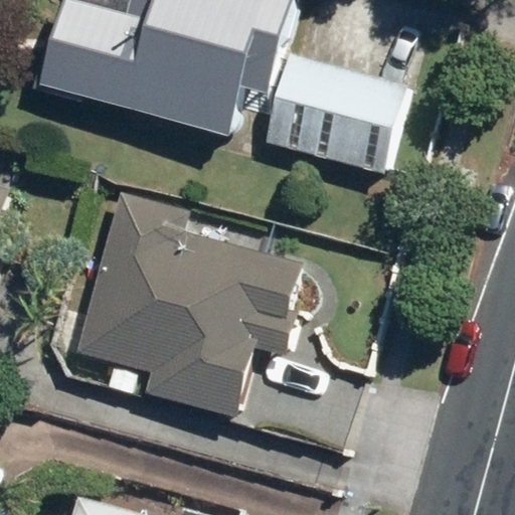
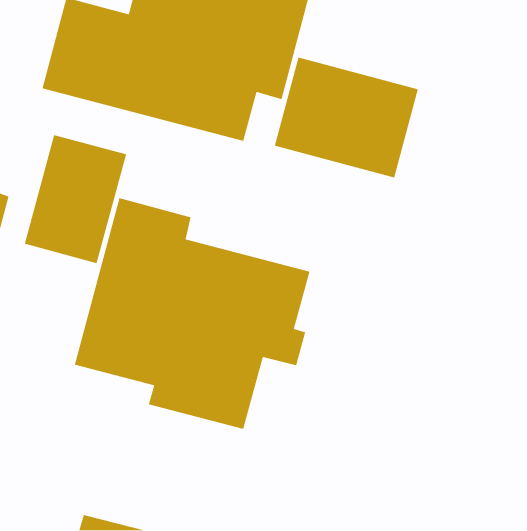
building: none -> [24,134,127,264]

